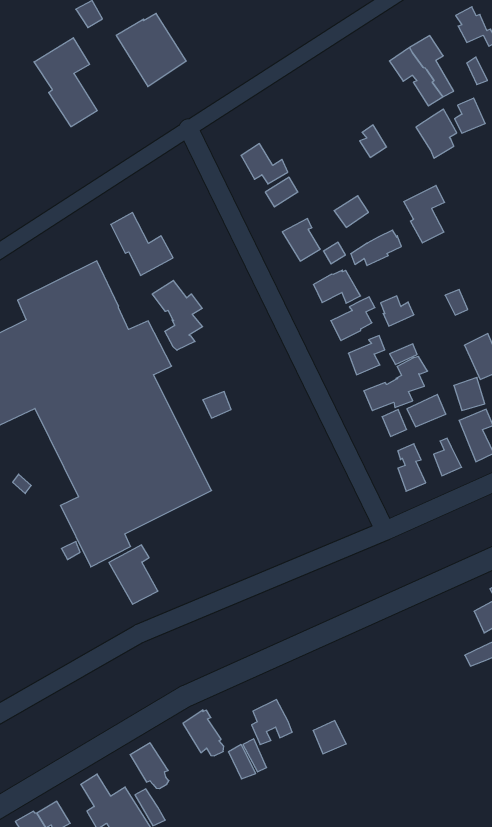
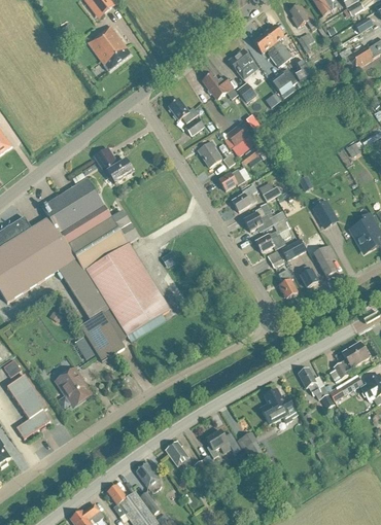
building: [34,38,97,127] -> none
building: none -> [229,49,258,79]
building: none -> [203,73,232,99]
building: [404,185,445,243] -> none
building: [152,280,203,350] -> none
building: [109,545,158,604] -> [57,369,88,405]
building: none -> [299,367,334,409]
building: none -> [262,389,298,423]

